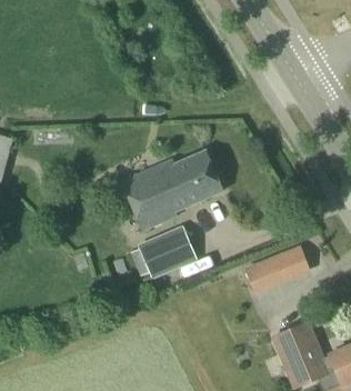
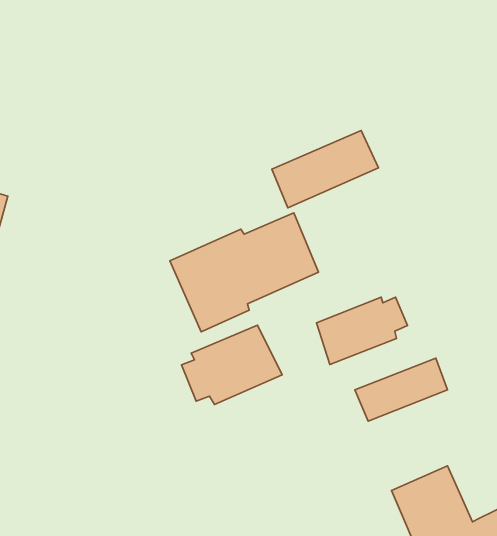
building: none -> [272,130,378,208]
building: none -> [316,297,407,364]

